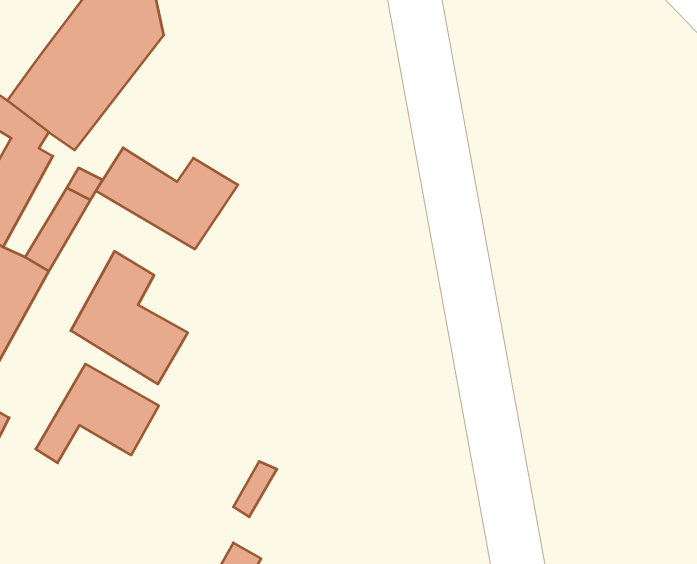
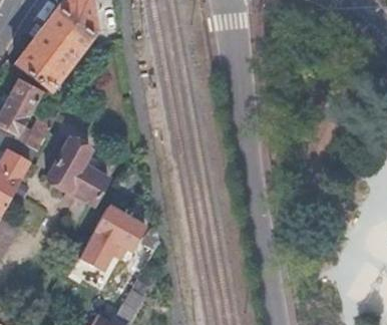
building: [96,148,238,249] -> none
building: [36,364,159,463] -> [82,206,144,256]

